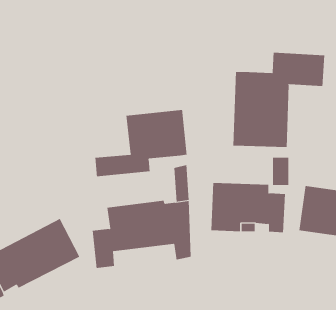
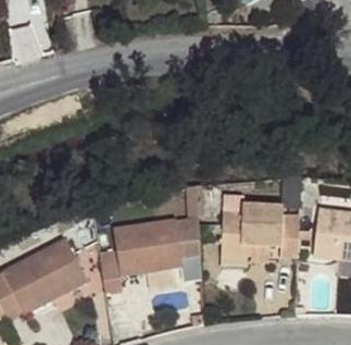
building: [233,52,325,148] -> none
building: [95,109,187,177] -> none

